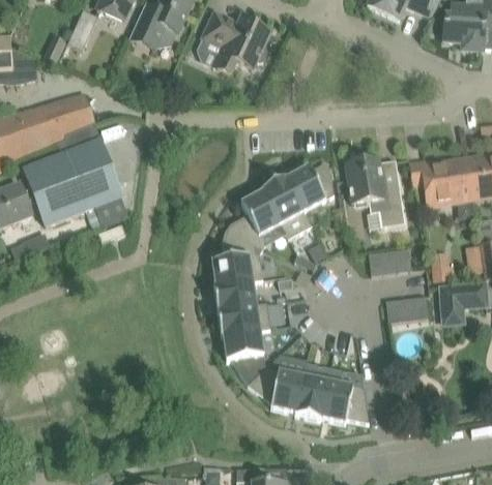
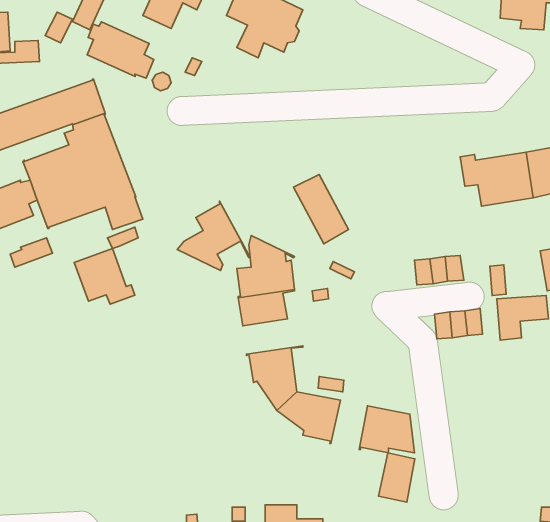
building: none -> [87,22,154,78]
building: [346,158,405,226] -> none
building: [285,162,335,225] -> none
building: [225,188,289,249] -> [177,201,250,271]
building: none -> [74,248,135,304]
building: [218,302,270,335] -> none
building: [295,375,327,419] -> [378,453,415,502]

